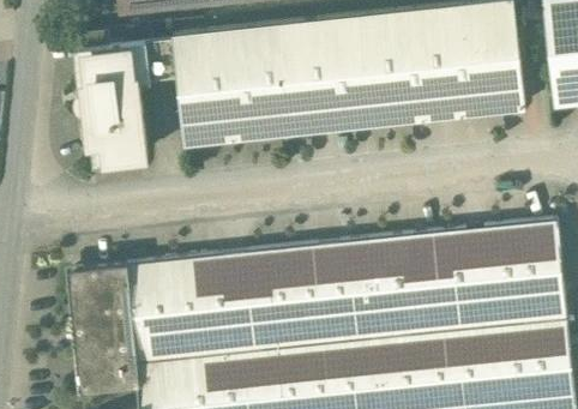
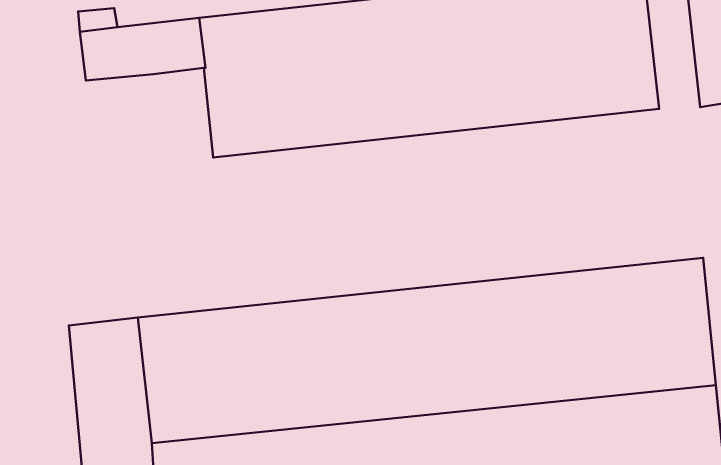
building: [86,80,146,161] -> none

